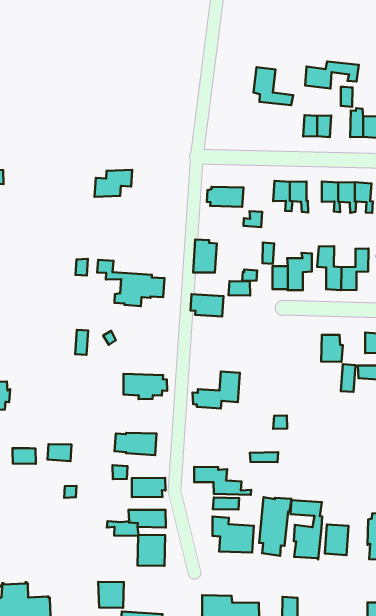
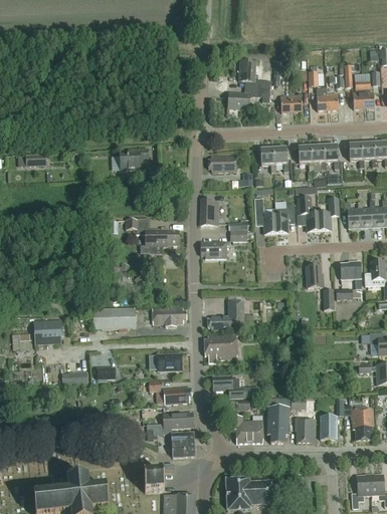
building: [305,62,359,89] -> [228,86,269,107]
building: none -> [92,307,136,328]
building: none -> [204,332,237,360]

